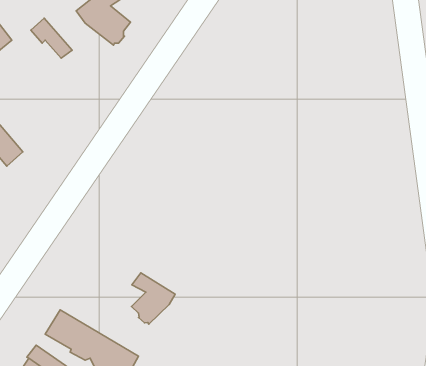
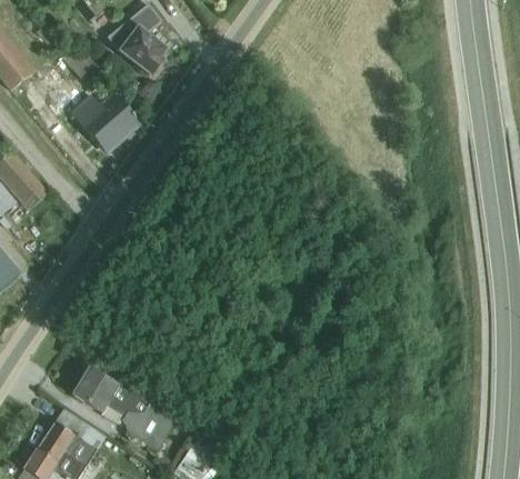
building: none -> [71,92,140,152]
building: [131,273,175,324] -> none

